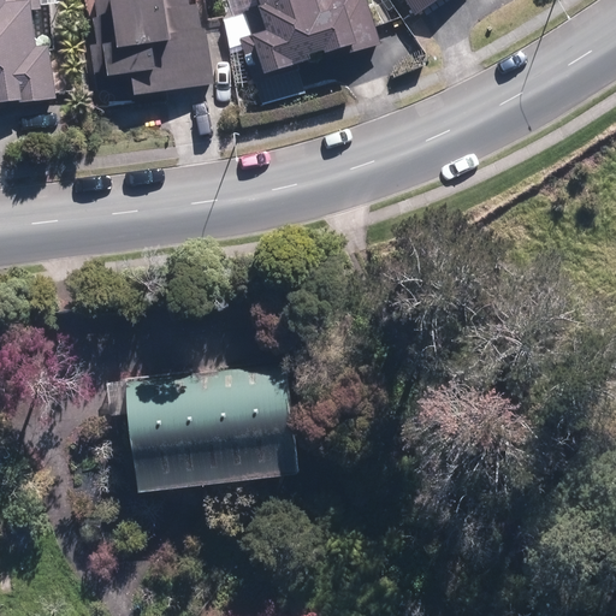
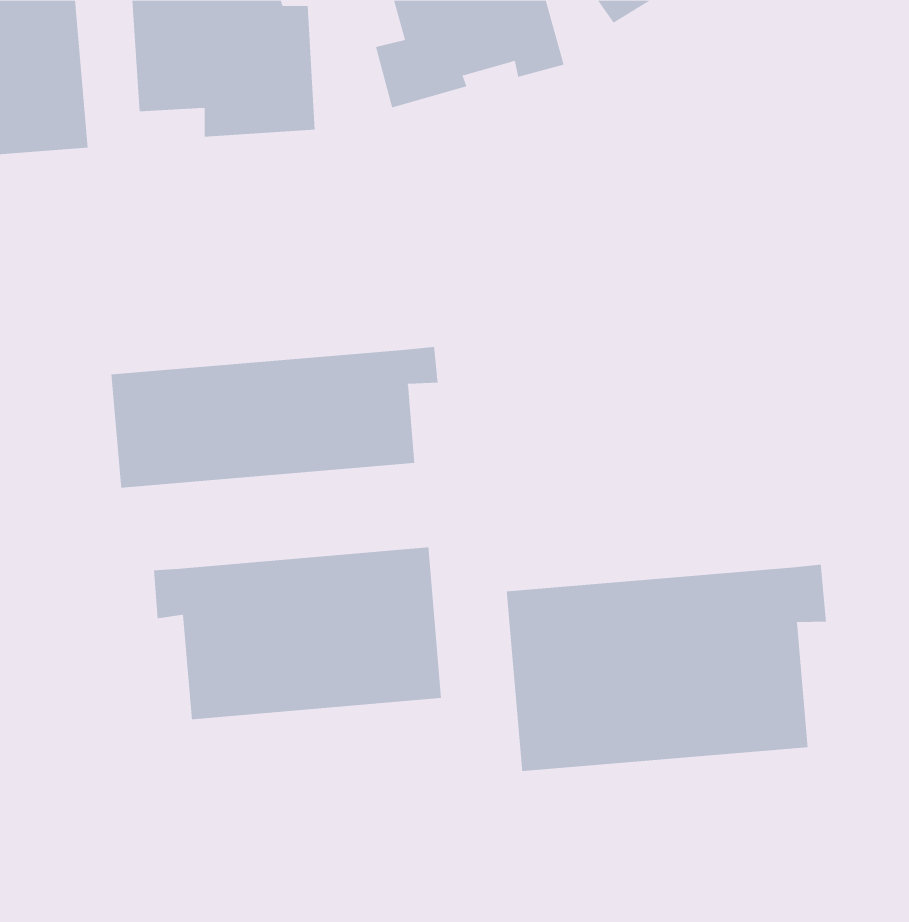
building: none -> [111,346,438,488]
building: none -> [506,564,827,772]

